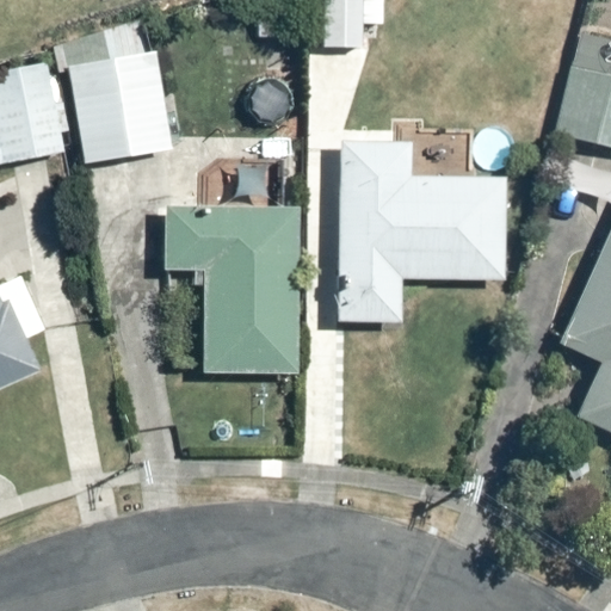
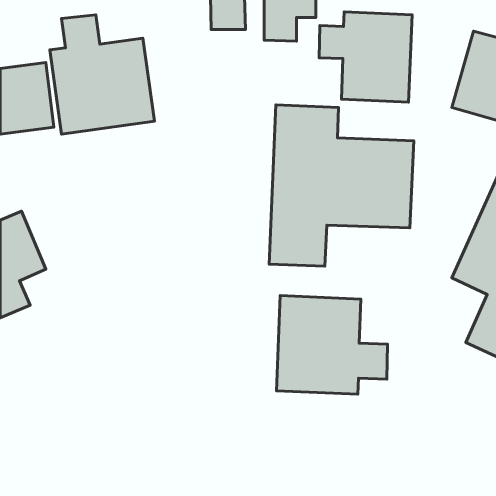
building: none -> [319,12,412,102]
building: [163,158,300,395] -> none
building: none -> [276,295,387,394]

